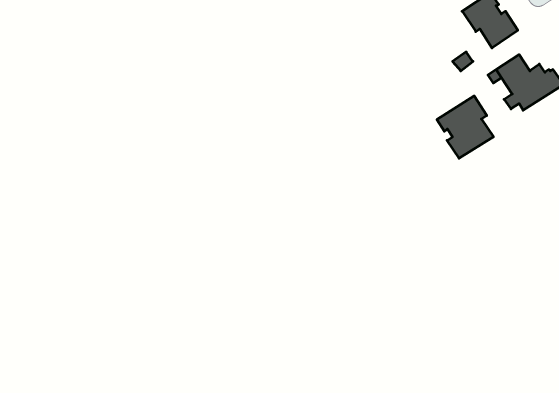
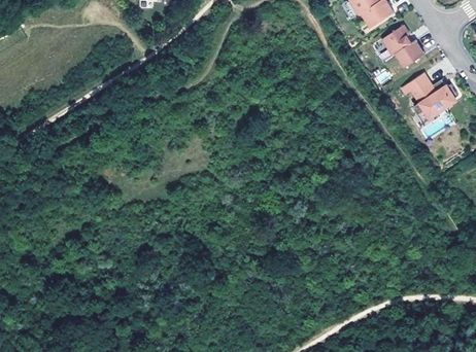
building: [437,96,493,158] -> none

